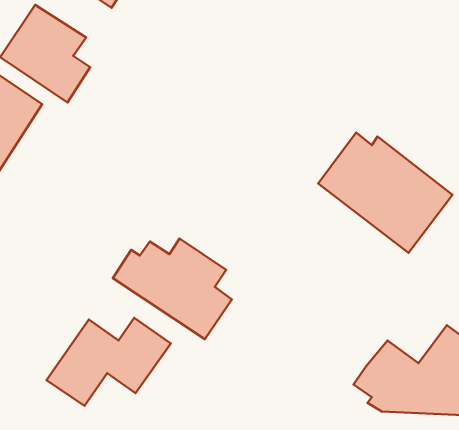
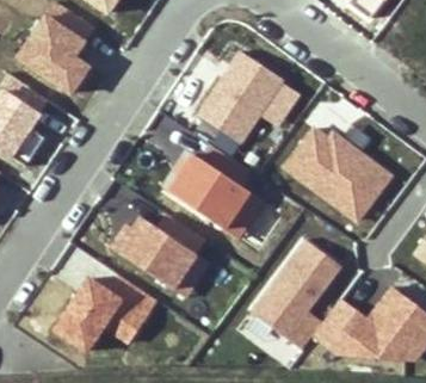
building: none -> [197,48,302,143]
building: none -> [166,144,265,239]
building: none -> [249,237,342,348]

